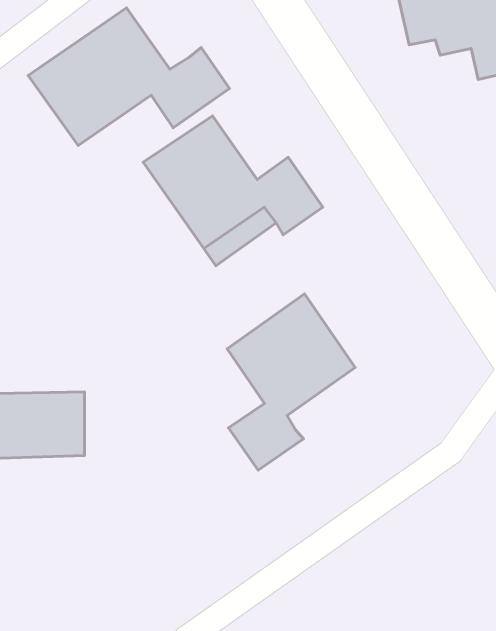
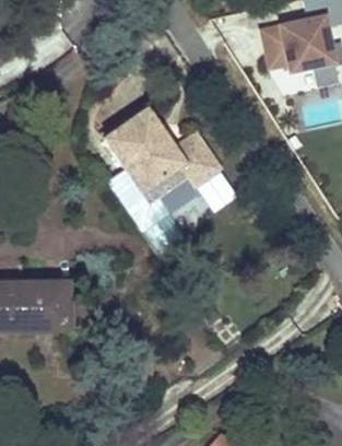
building: [28,8,230,145] -> none
building: [227,294,355,470] -> none

